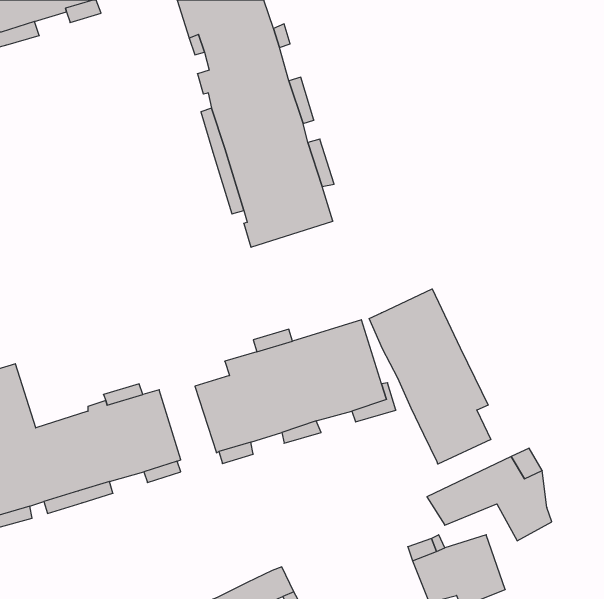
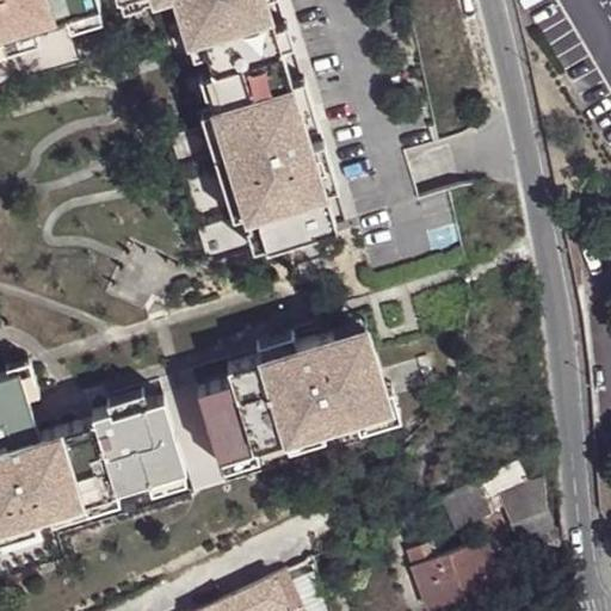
building: [369,289,491,464] -> none

